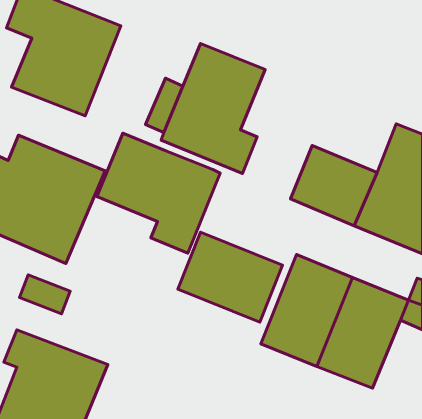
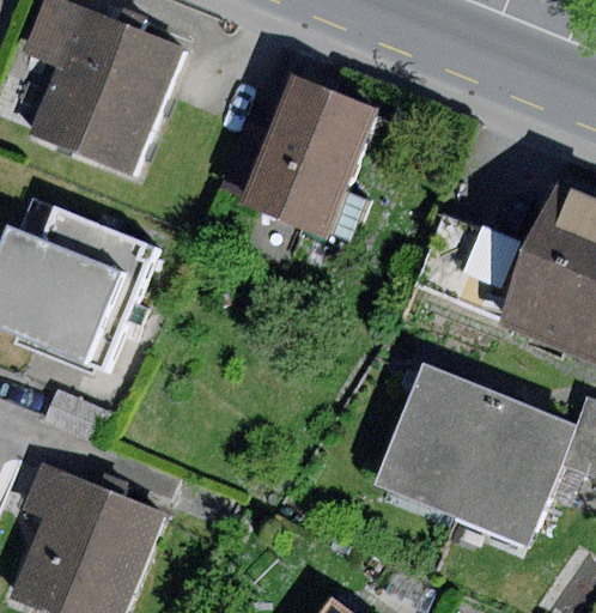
building: [97,133,220,253] -> none
building: [178,232,283,322] -> none

